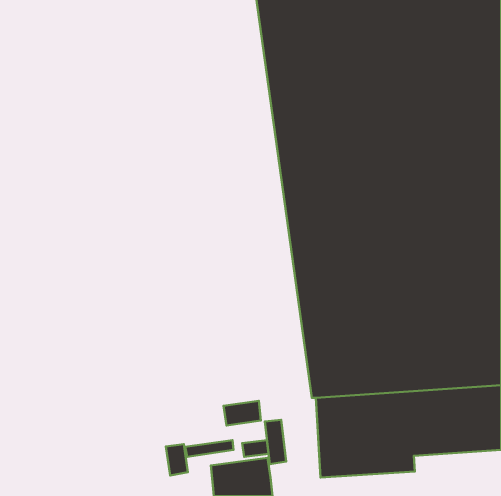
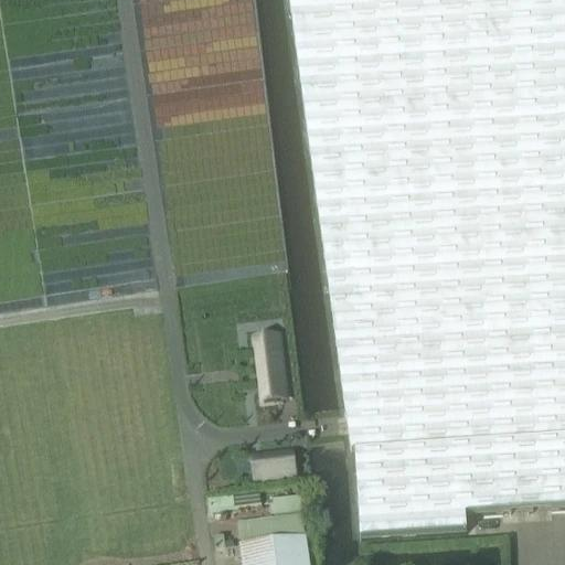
building: none -> [255,333,285,399]
building: [265,420,286,464] -> none
building: [166,444,188,475] -> none

